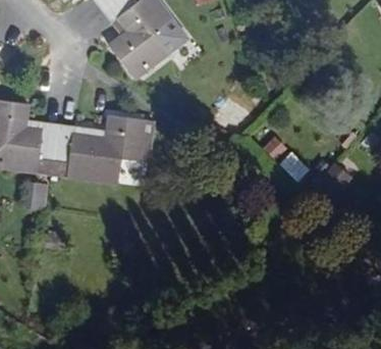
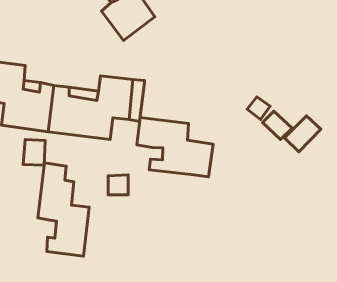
building: none -> [137,117,213,177]
building: none -> [38,163,89,256]

